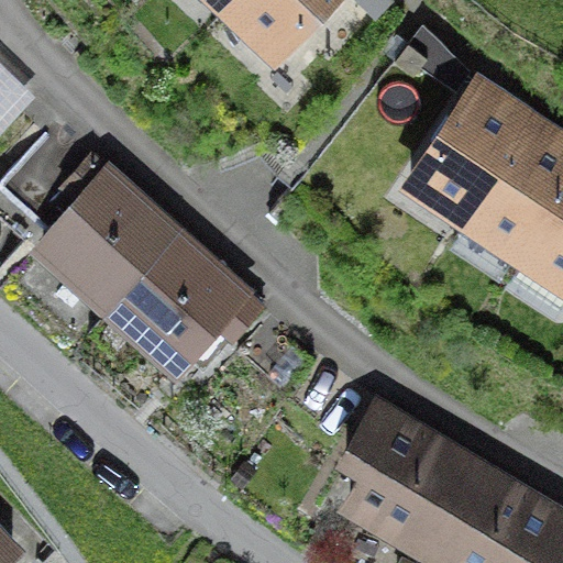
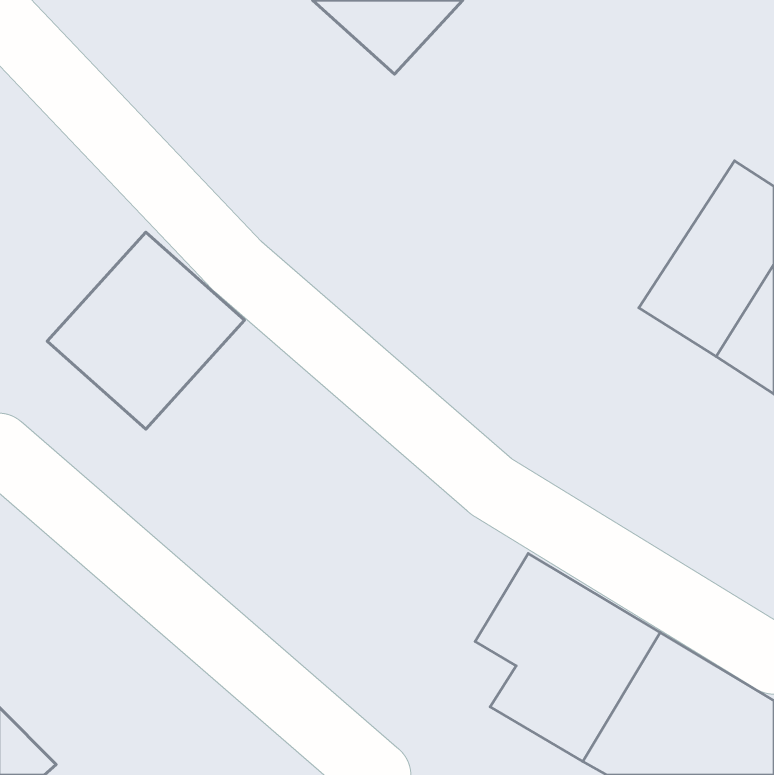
building: [408,81,532,223] -> none
building: [106,232,253,379] -> none

